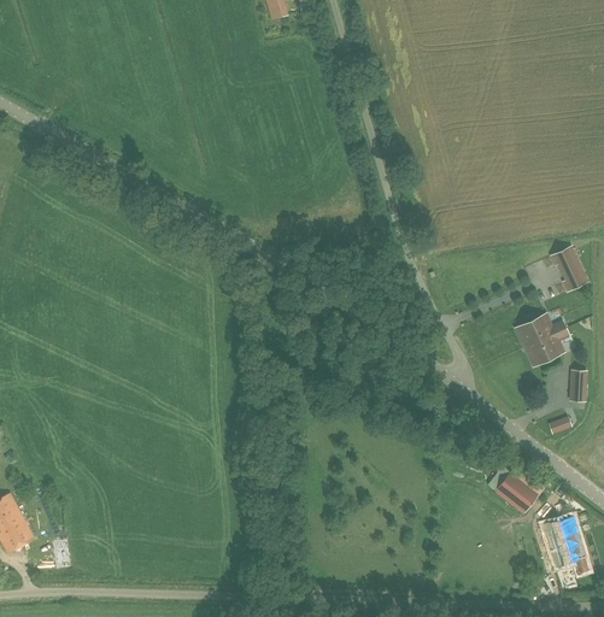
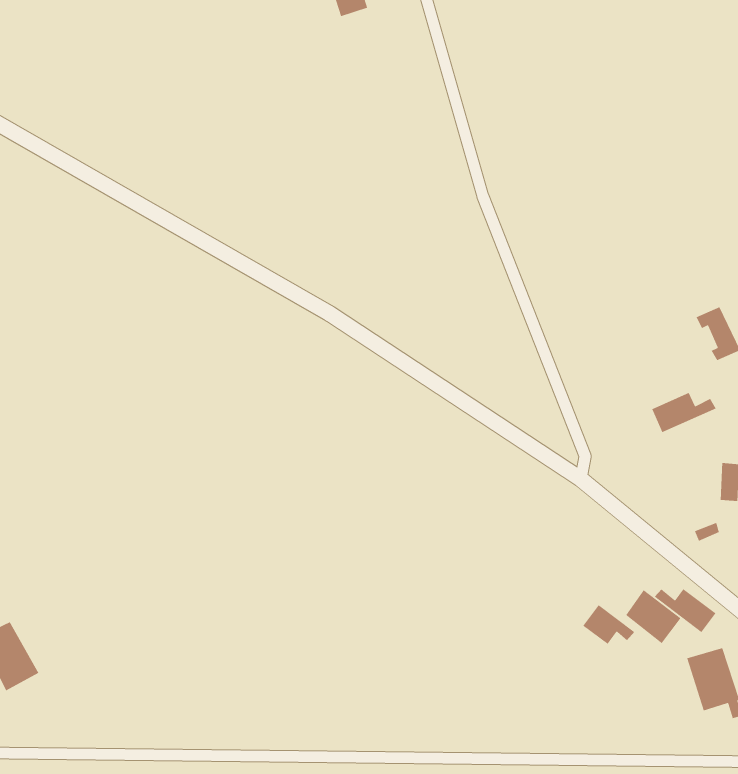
building: [523,328,569,366] -> none
building: none -> [654,588,716,633]
building: none -> [582,604,635,645]

